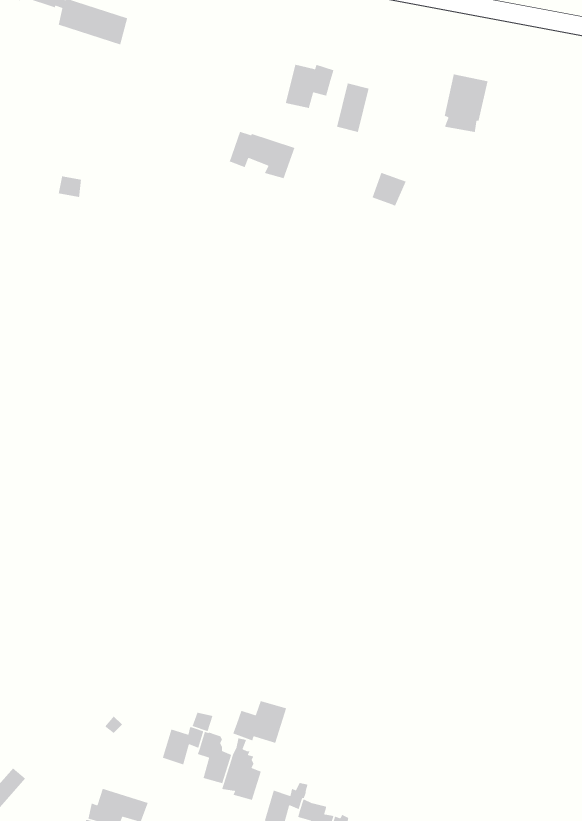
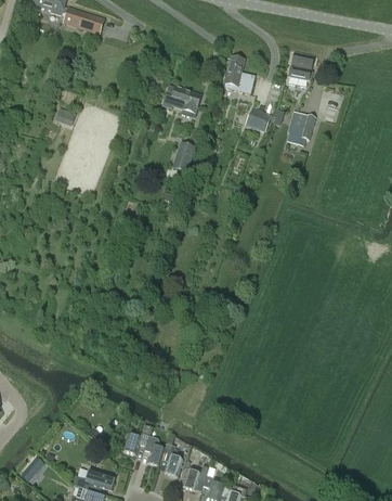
building: [285,64,334,109] -> none
building: none -> [287,111,316,146]
building: none -> [172,142,196,172]
building: [232,700,287,744] -> none

